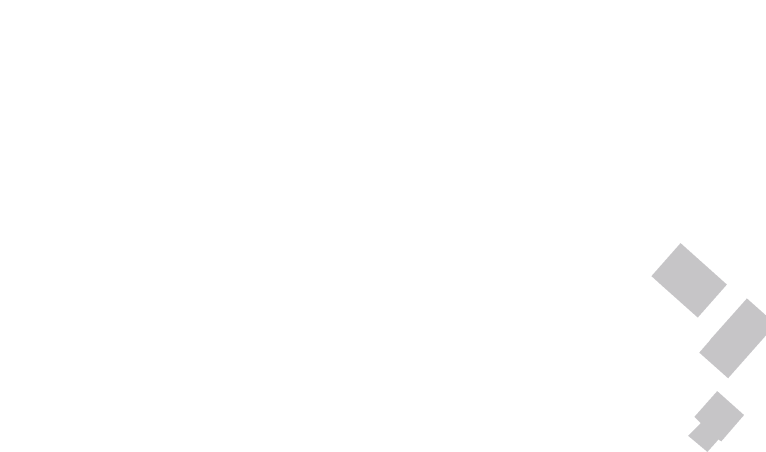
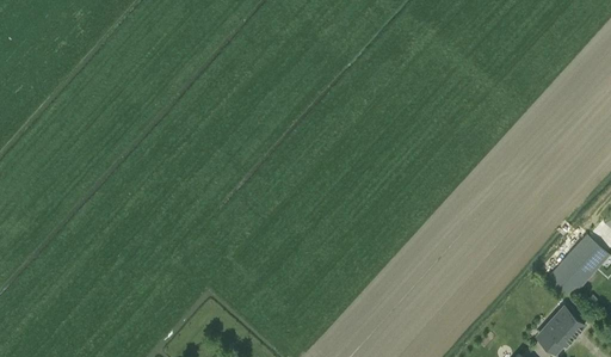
building: [650,242,728,319] -> none

